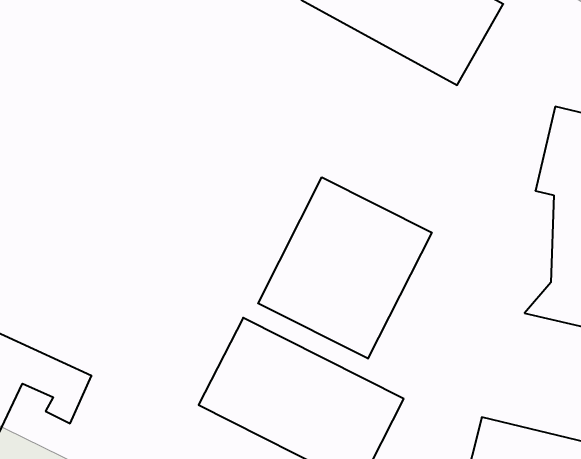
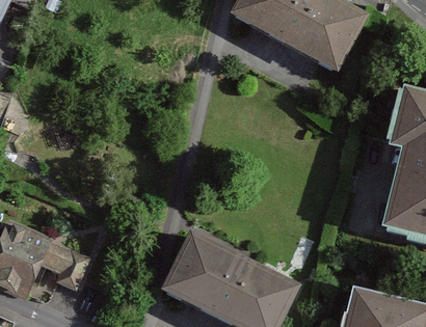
building: [258,177,432,359] -> none

